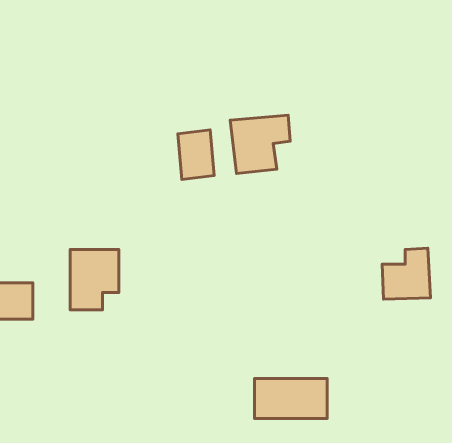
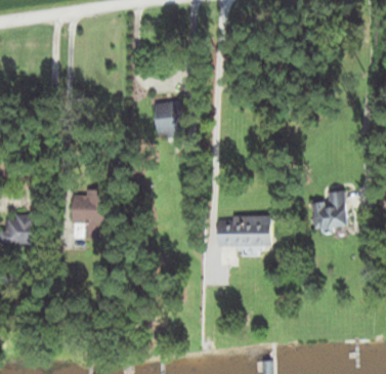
building: [230,115,290,173] -> none
building: [254,378,327,419] -> [215,216,270,247]

